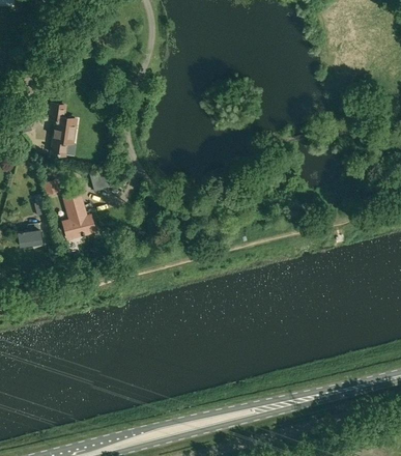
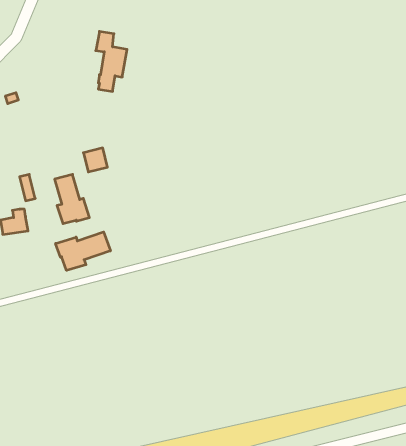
building: [49,104,76,155] -> [96,31,127,91]
building: none -> [56,232,110,270]

